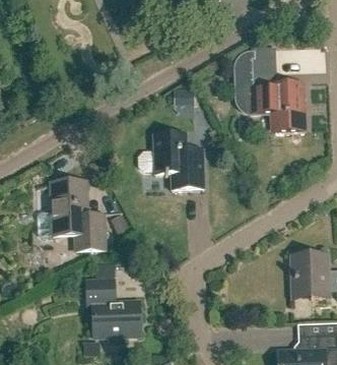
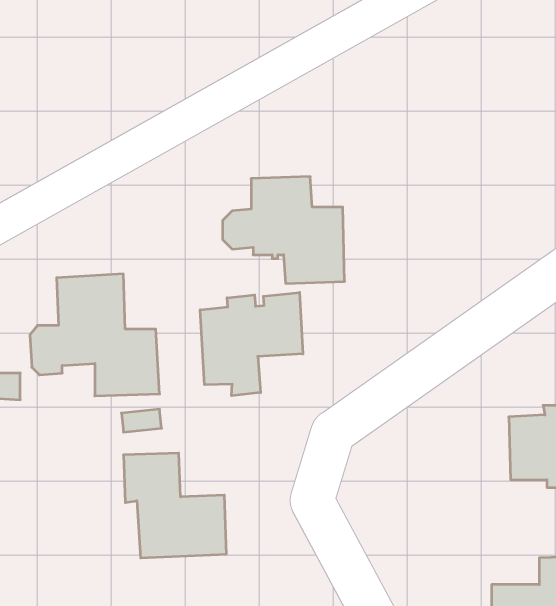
building: [235,47,306,131] -> none
building: none -> [200,292,303,396]

